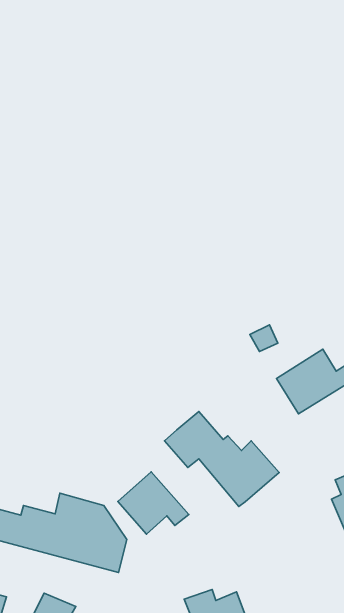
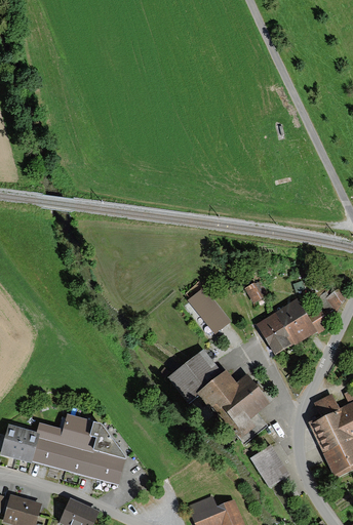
building: none -> [185,288,229,335]
building: [118,472,189,534] -> none
building: none -> [251,448,286,487]

